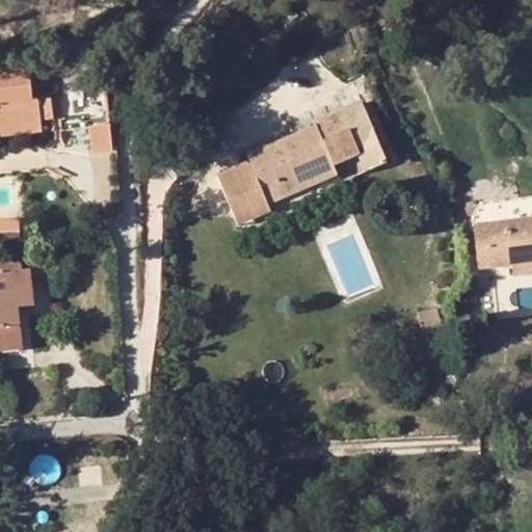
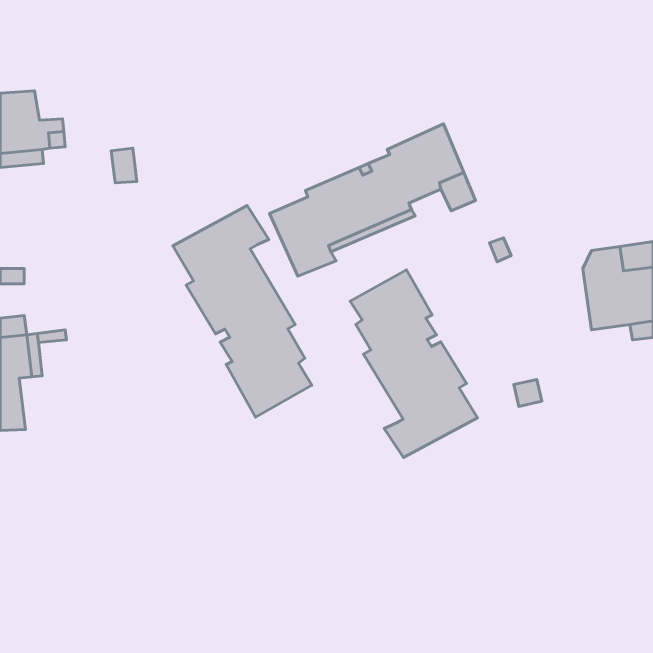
building: none -> [173,205,312,417]
building: none -> [350,270,477,457]

